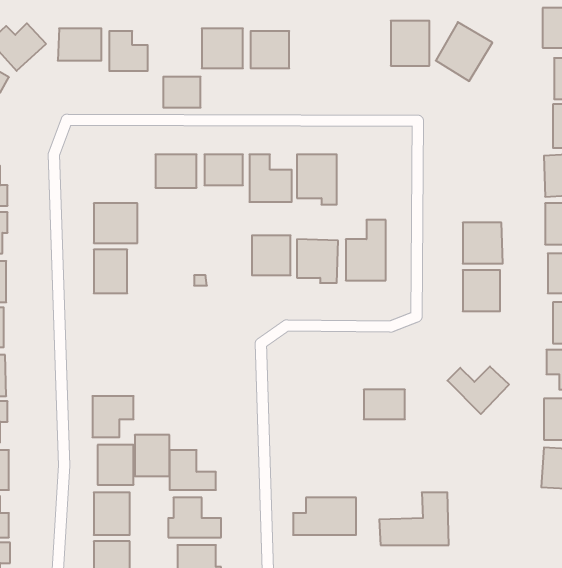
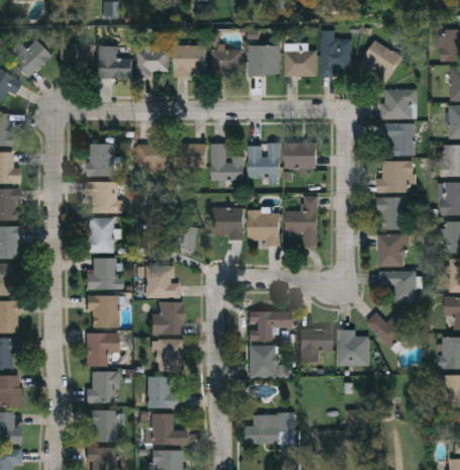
building: none -> [250,44,280,74]
building: none -> [285,51,316,76]
building: [163,77,201,108] -> [140,50,169,74]
building: none -> [382,88,417,119]
building: none -> [383,123,416,156]
building: none -> [285,143,316,168]
building: none -> [88,144,113,177]
building: none -> [377,161,411,193]
building: none -> [180,228,198,254]
building: none -> [88,259,121,290]
building: none -> [147,266,180,298]
building: none -> [380,271,417,302]
building: none -> [87,296,119,327]
building: none -> [153,302,183,335]
building: none -> [249,311,296,341]
building: none -> [338,328,369,364]
building: none -> [250,346,277,377]
building: [135,435,169,476] -> [158,340,185,372]

